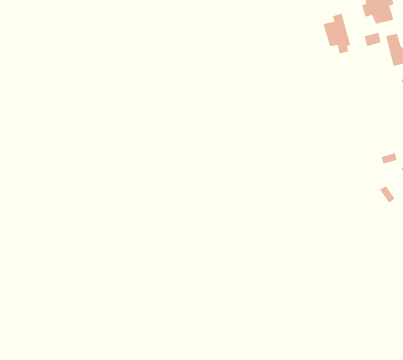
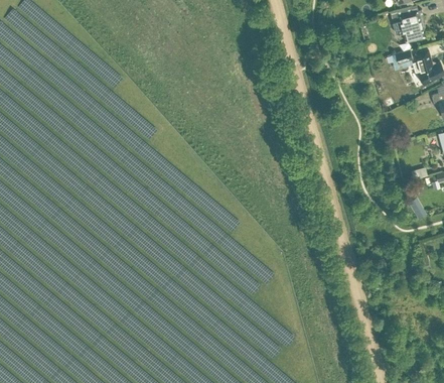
building: [323,13,351,54] -> none

